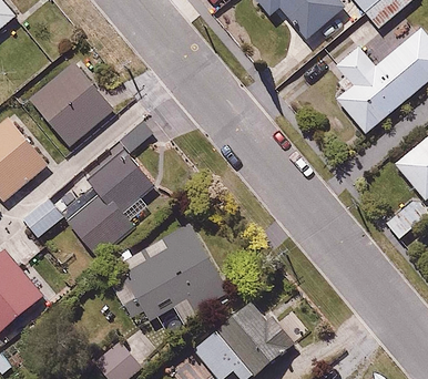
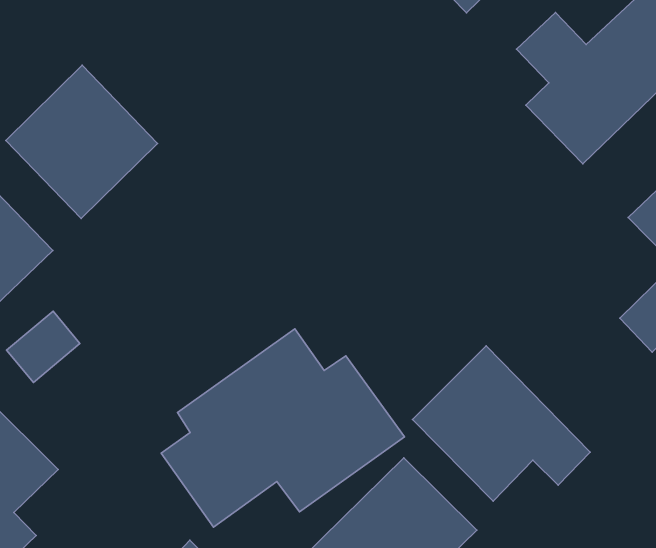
building: [68,144,156,260] -> none
building: none -> [413,346,590,501]

